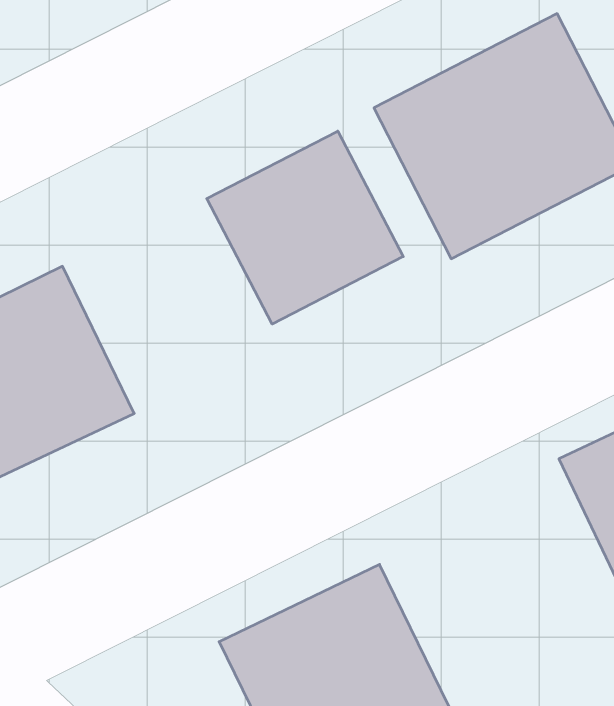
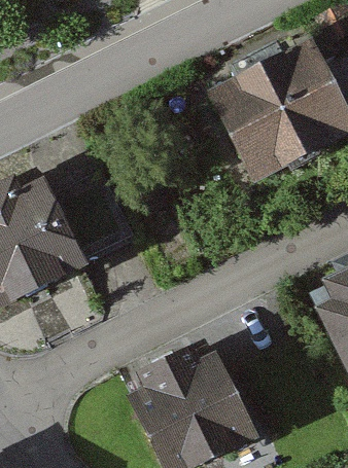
building: [207,131,403,324] -> none

